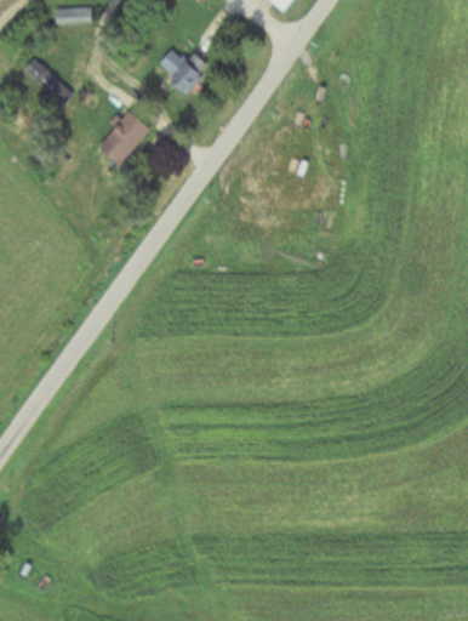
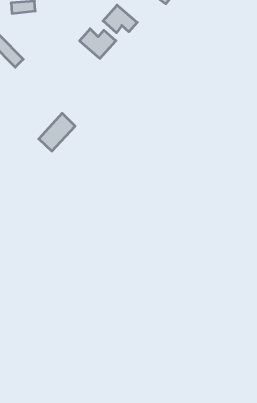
building: none -> [103,5,137,33]
building: [96,109,150,166] -> [39,113,75,151]

